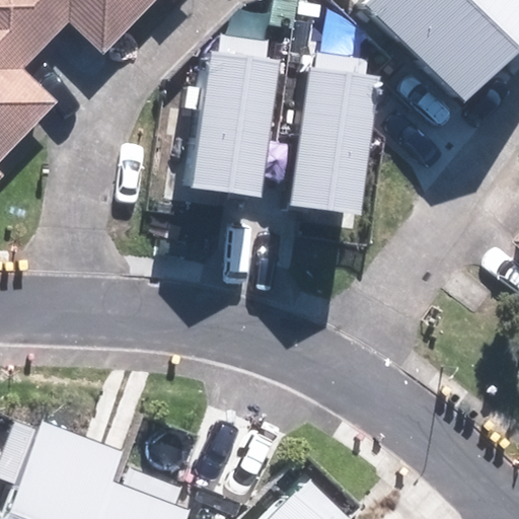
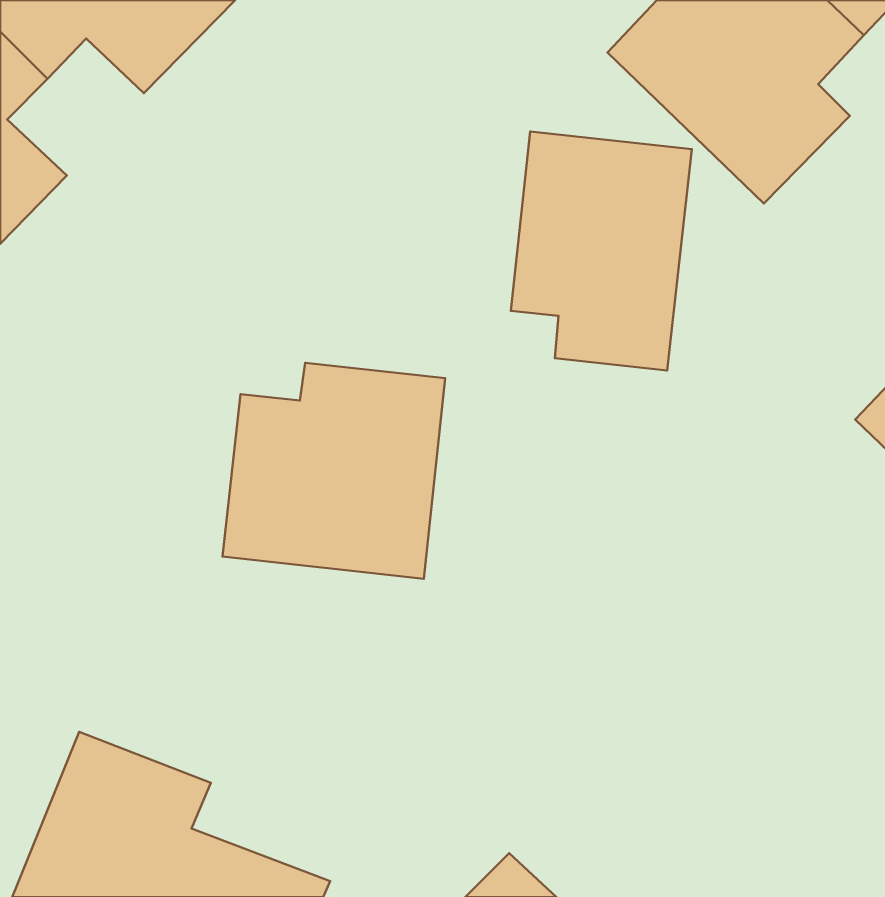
building: [188,62,312,198] -> none
building: none -> [222,363,445,579]

